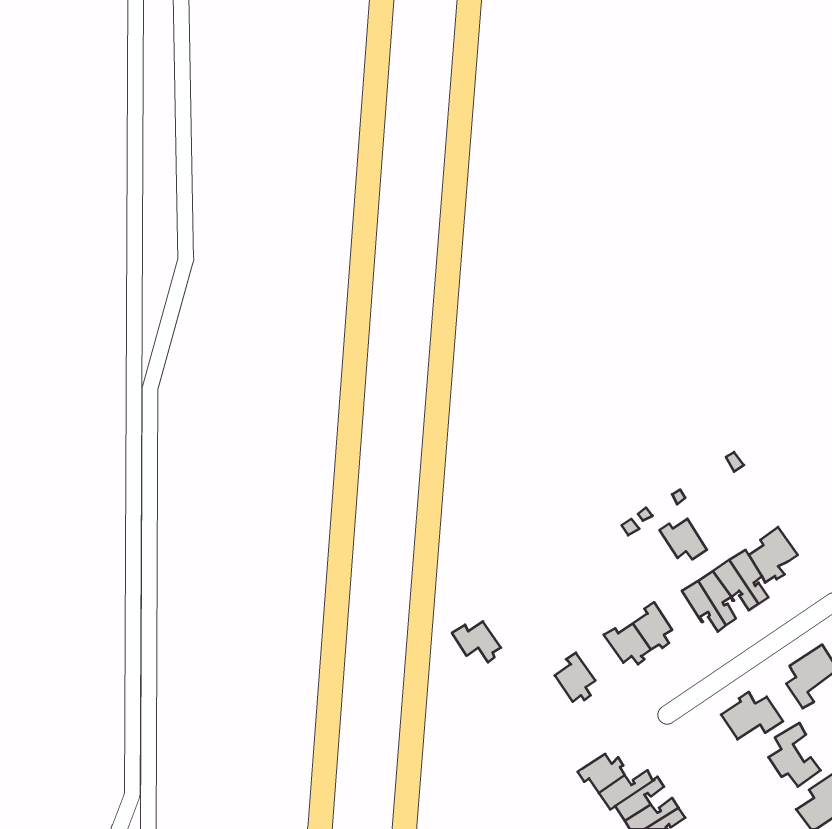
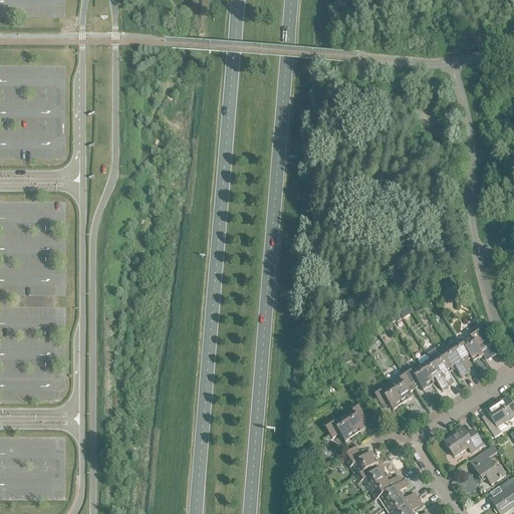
building: [660,519,707,559] -> [404,363,433,389]
building: [452,621,501,662] -> [323,416,353,441]
building: none -> [342,446,376,473]

